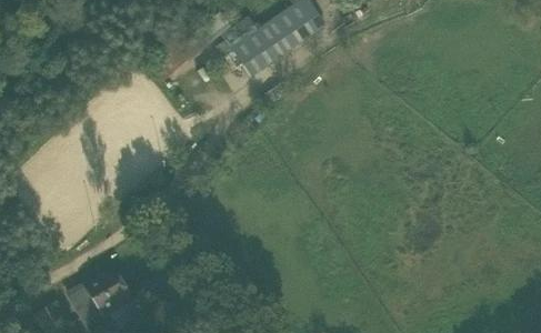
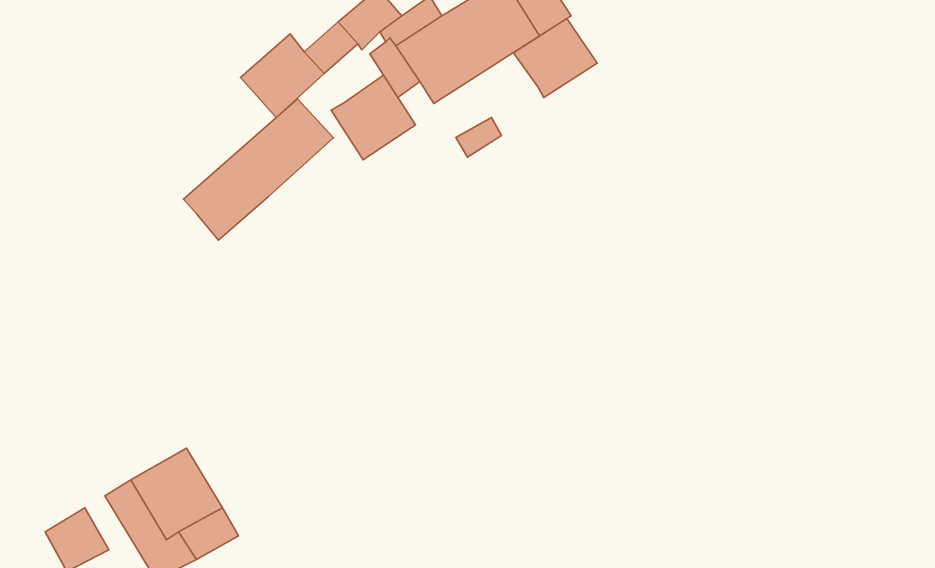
building: none -> [514,19,597,97]
building: none -> [331,75,415,160]
building: none -> [183,99,334,240]

